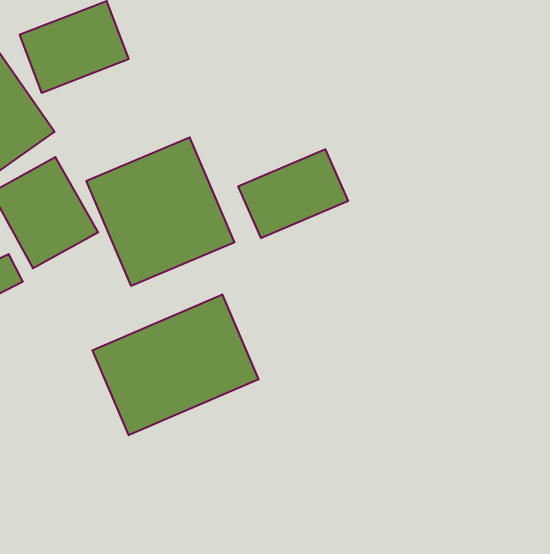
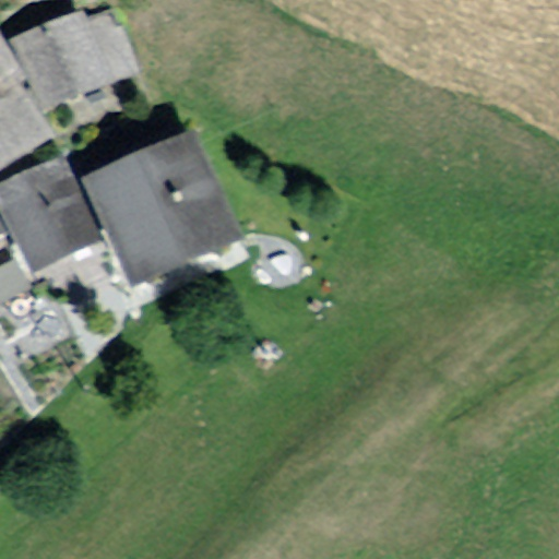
building: [238,149,348,238] -> none
building: [92,294,258,435] -> none

